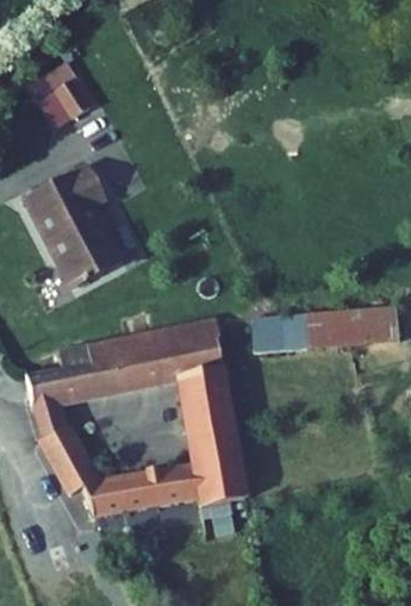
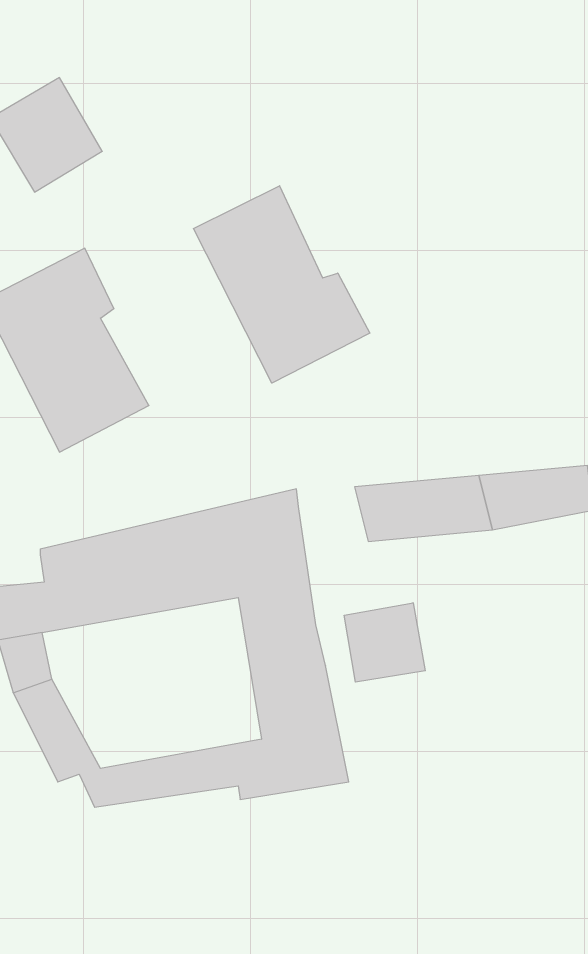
building: none -> [193,186,370,383]
building: none -> [344,603,425,682]

